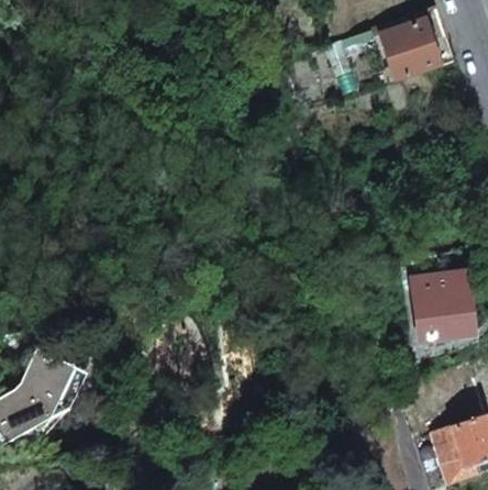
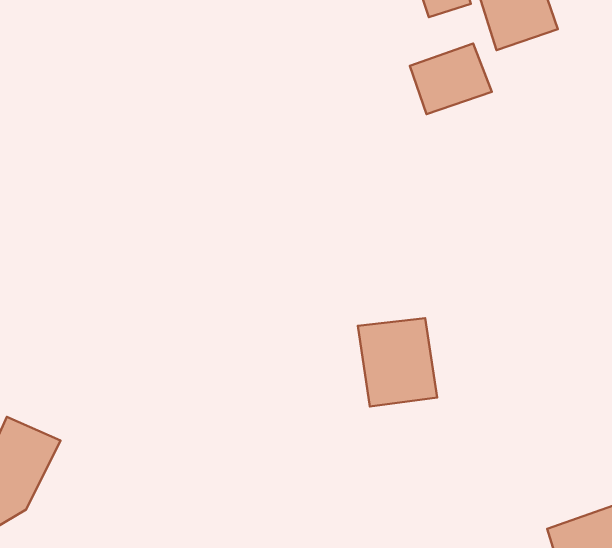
building: none -> [410,44,492,114]
building: [413,274,472,338] -> [358,318,437,407]

